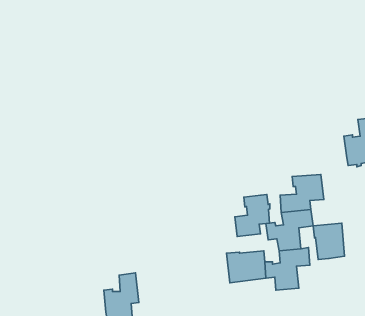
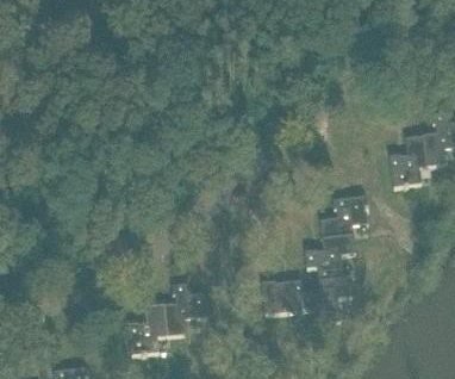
building: [235,195,270,236] -> none
building: [313,223,345,260] -> none
building: none -> [163,282,207,336]

